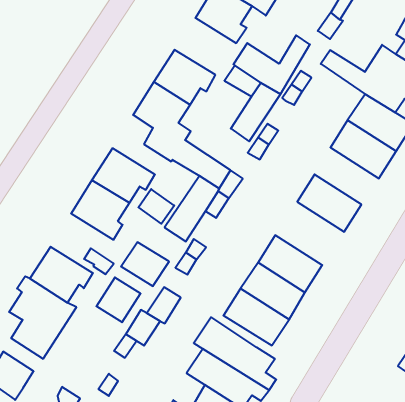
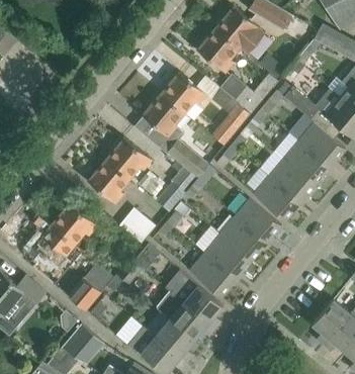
building: none -> [269,158,316,202]
building: none -> [235,198,281,243]
building: [96,277,141,322] -> [68,277,101,310]

